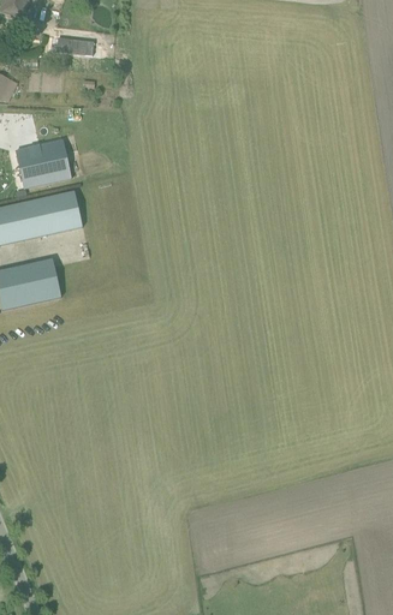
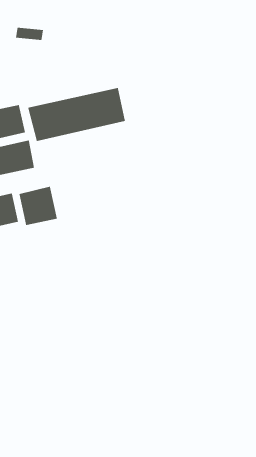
building: none -> [28,87,126,142]
building: none -> [19,186,58,226]

